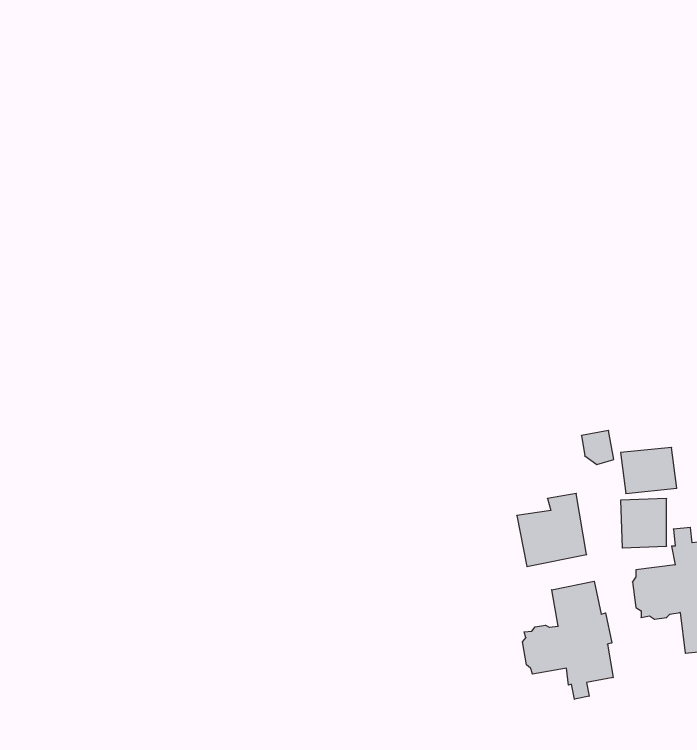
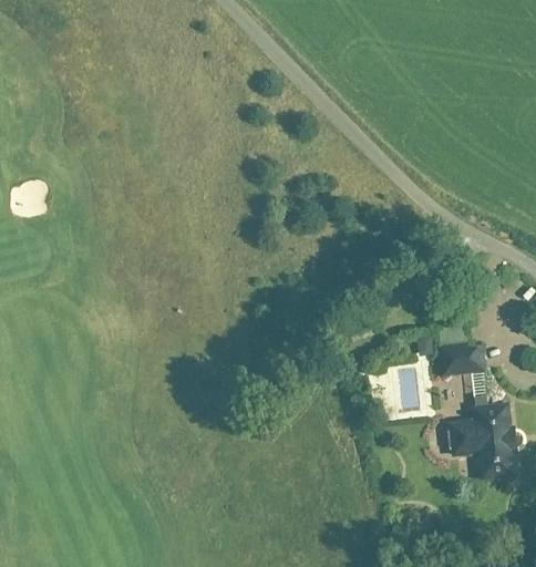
building: [523,581,613,699] -> none

